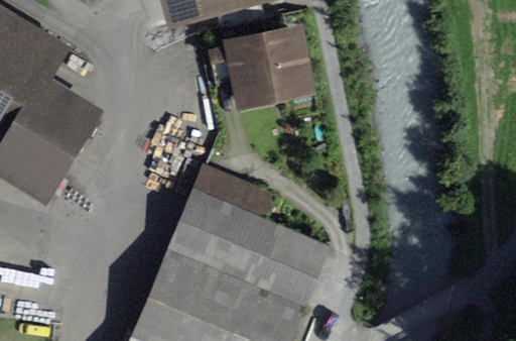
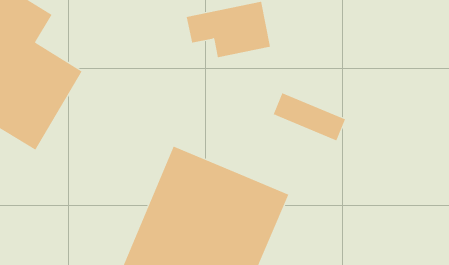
building: [194,166,274,220] -> [273,93,346,141]

